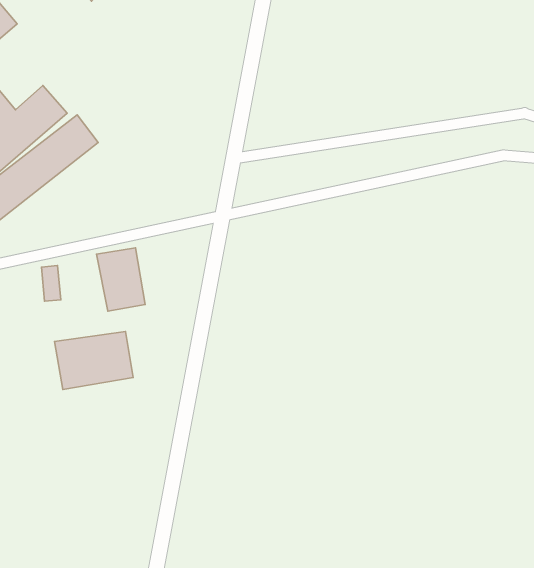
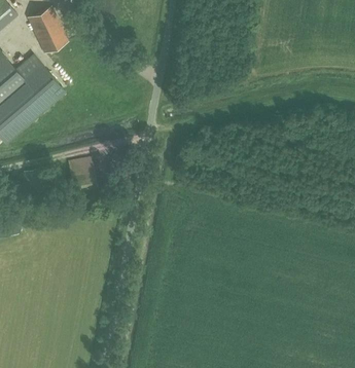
building: none -> [27,6,68,52]
building: [54,331,133,390] -> none

